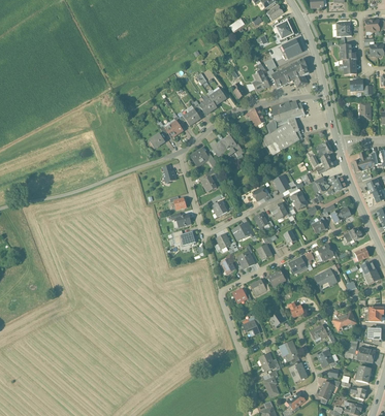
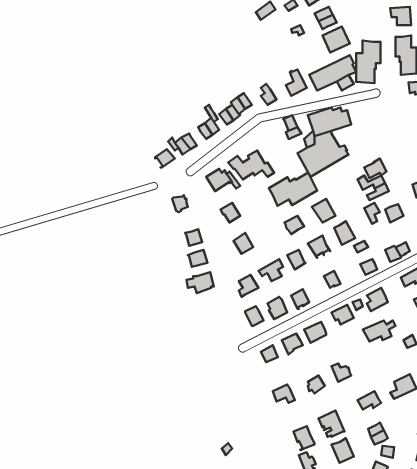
building: none -> [356,41,380,83]
building: none -> [269,173,317,206]

